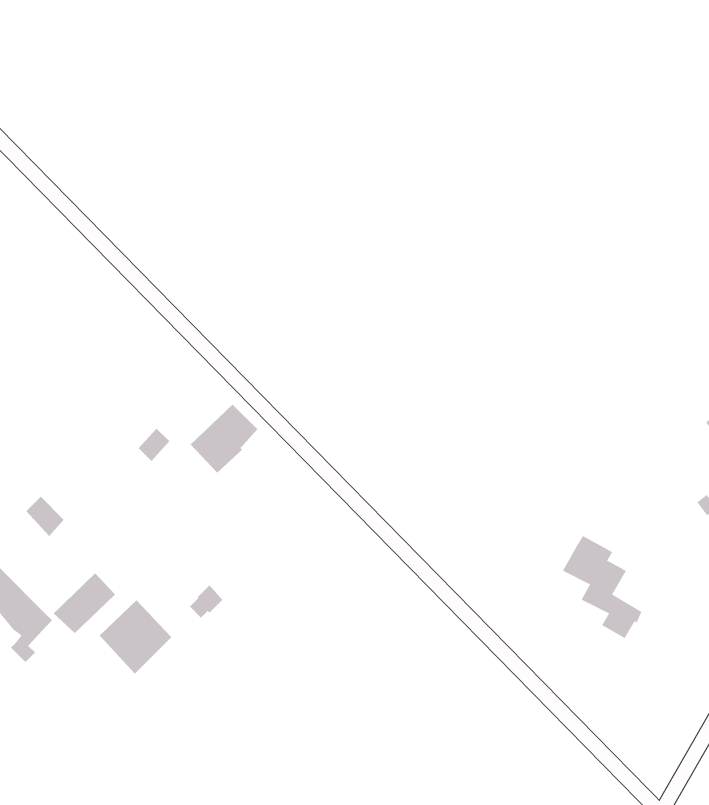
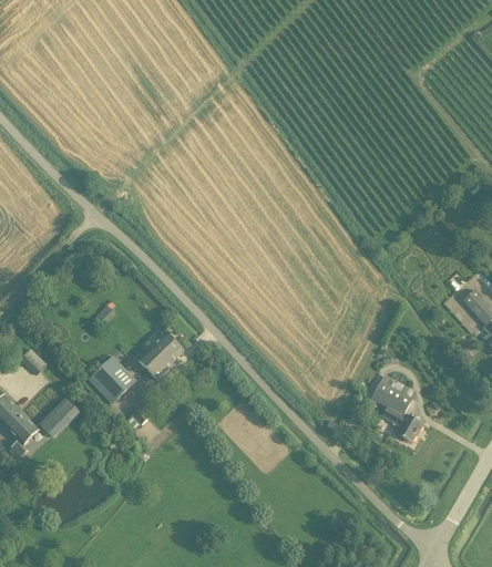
building: [190,404,258,474] -> [137,332,182,378]
building: [99,600,172,675] -> [88,354,135,403]

